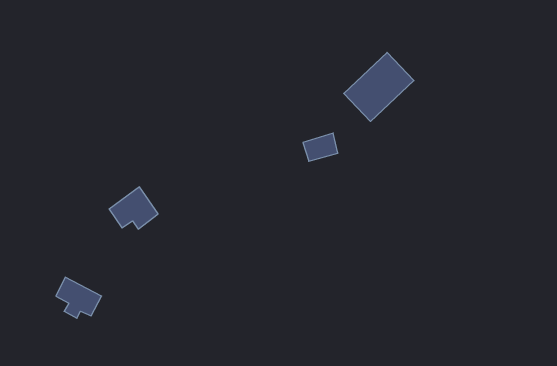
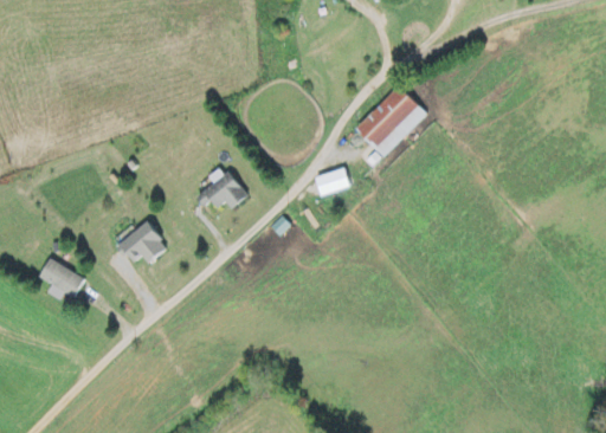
building: none -> [196,166,247,209]
building: [56,277,102,318] -> [38,258,84,299]

